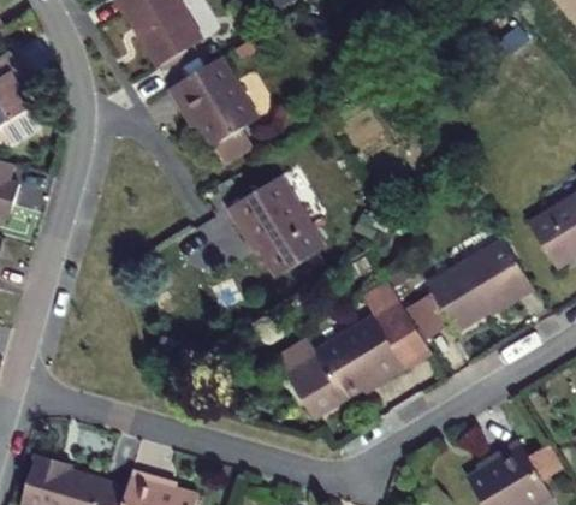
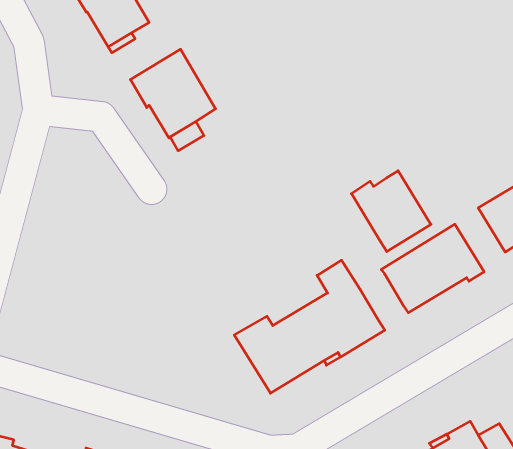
building: [231,178,328,280] -> none
building: none -> [351,171,431,252]
building: [410,290,455,338] -> none

